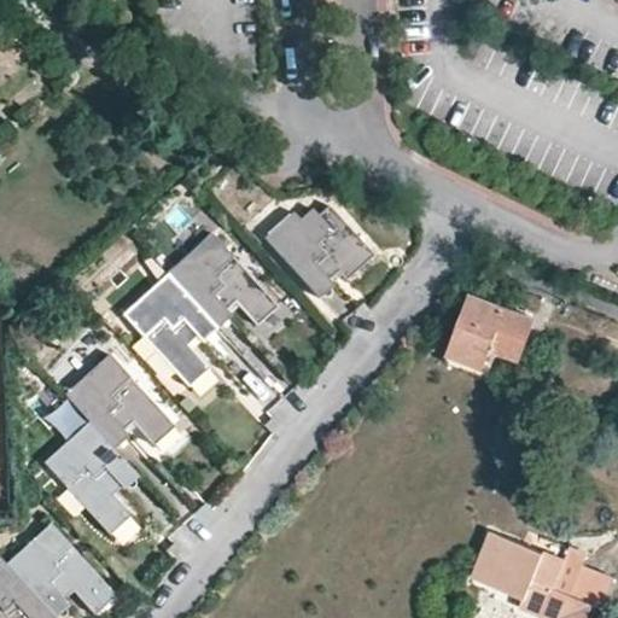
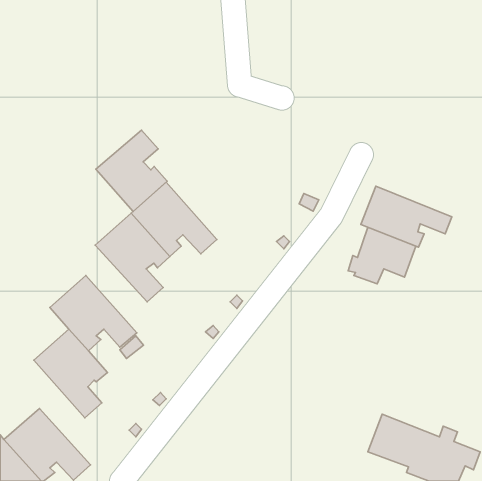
building: none -> [96,130,167,211]
building: [263,205,373,298] -> none
building: none -> [361,186,452,247]

